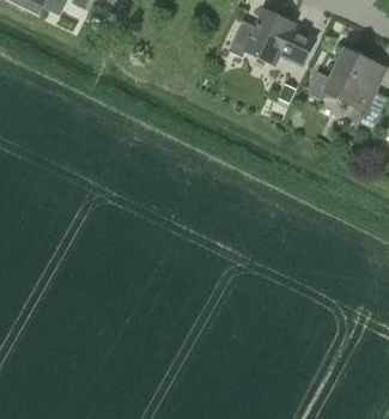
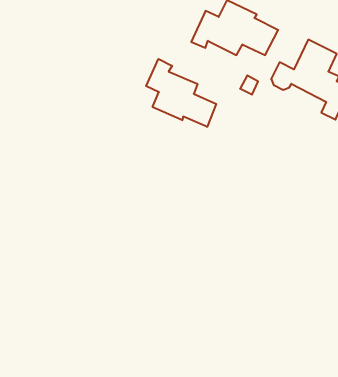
building: none -> [146,59,216,127]

